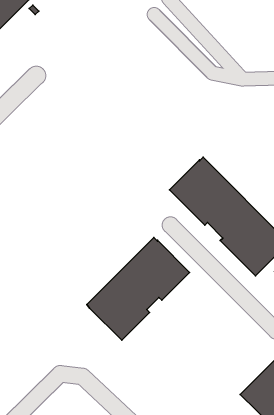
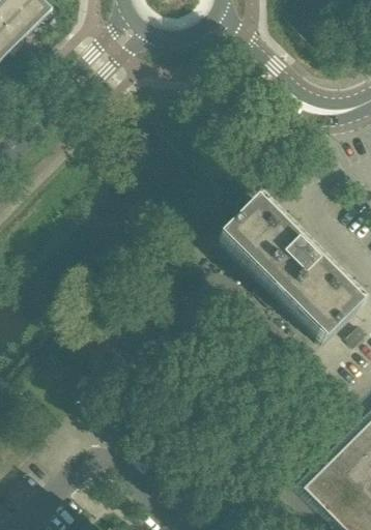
building: [87,237,190,340] -> none

